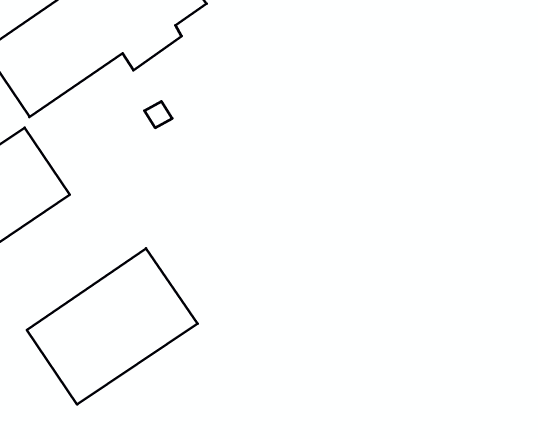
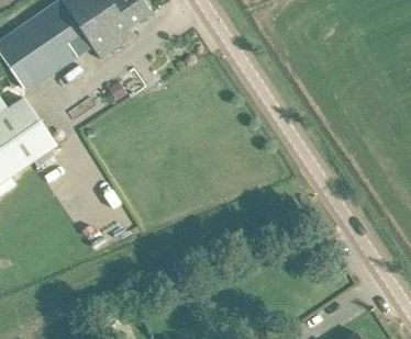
building: [27,248,198,404] -> none

